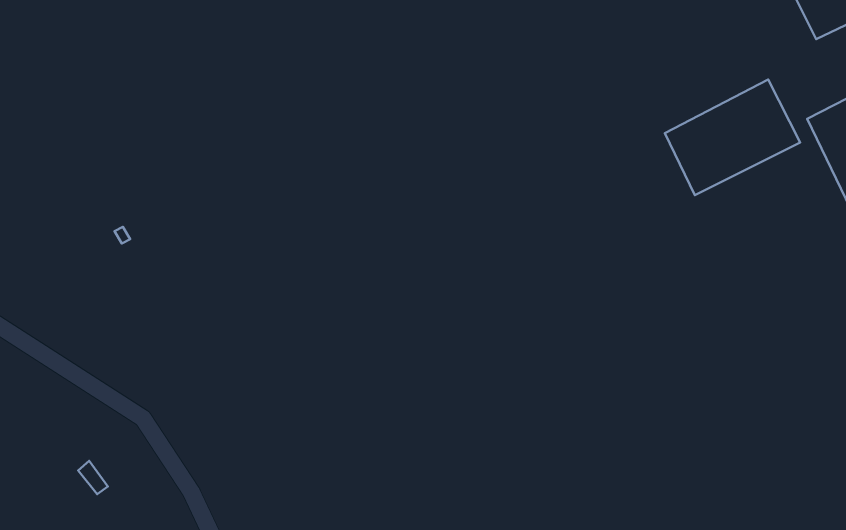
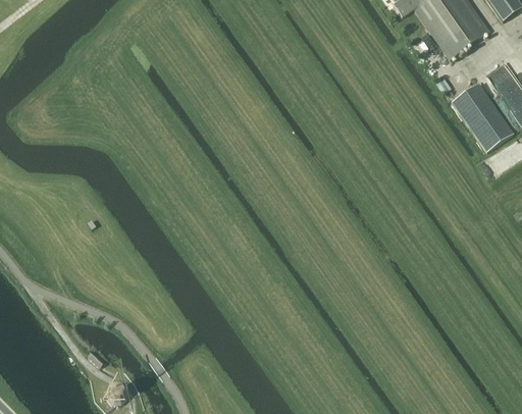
building: [665,80,800,195] -> none

